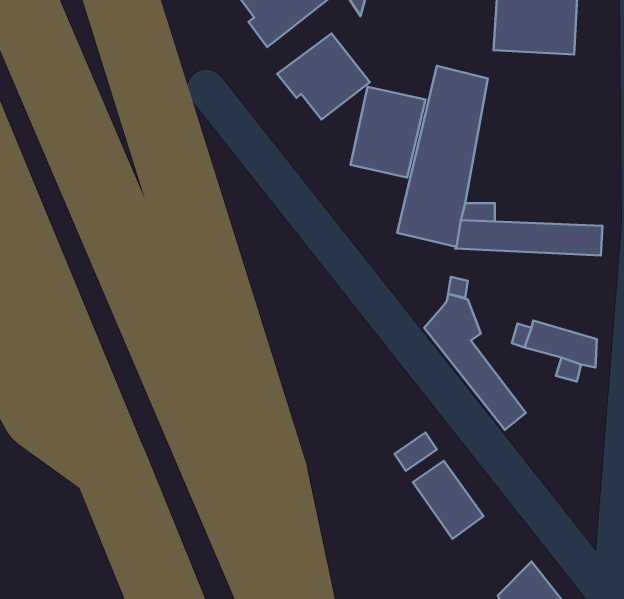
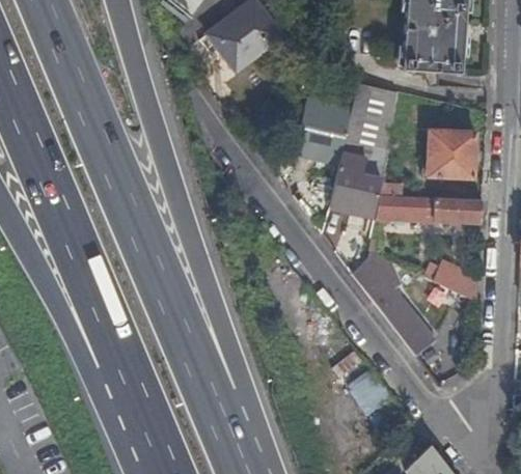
building: [277,33,370,119] -> none
building: none -> [427,130,474,177]

